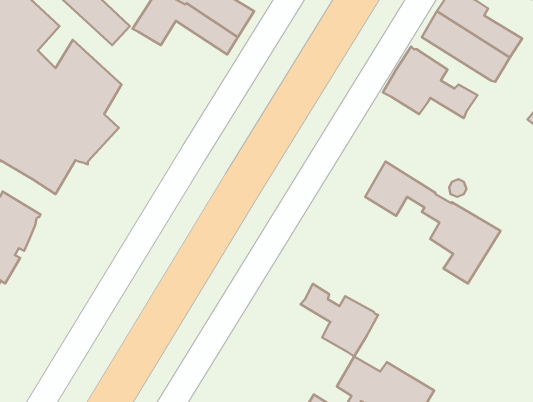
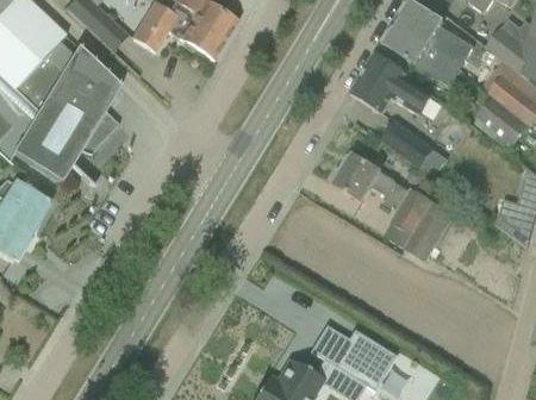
building: none -> [380,118,435,167]
building: [301,284,378,357] -> none

